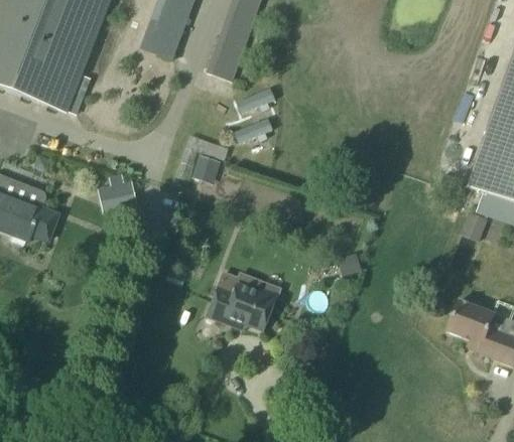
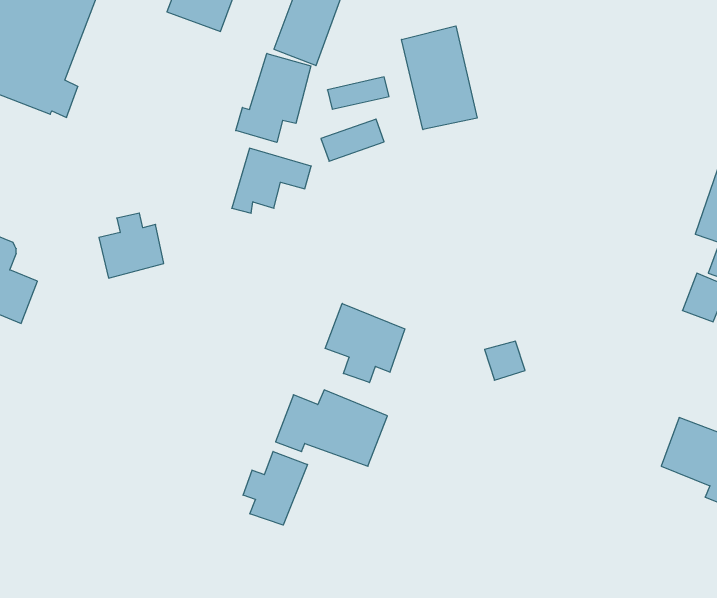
building: none -> [402,26,477,130]
building: none -> [236,53,311,142]
building: none -> [325,303,405,383]
building: none -> [243,451,307,525]

